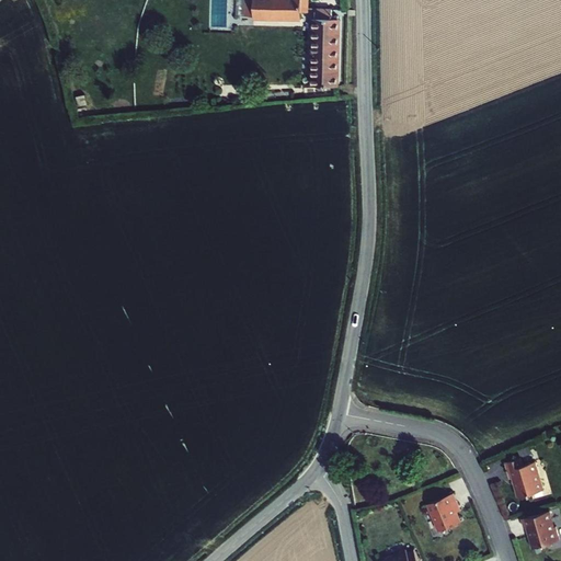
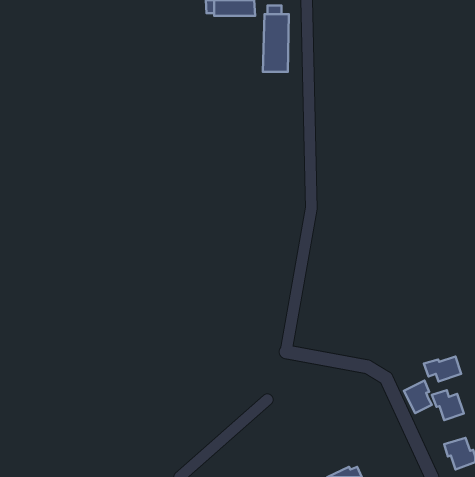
building: none -> [424,356,461,381]
building: [430,495,462,534] -> [404,381,432,413]

